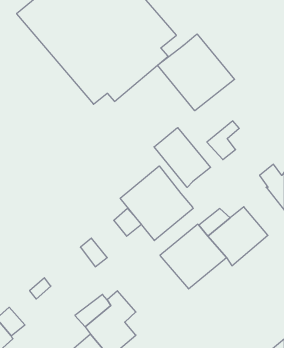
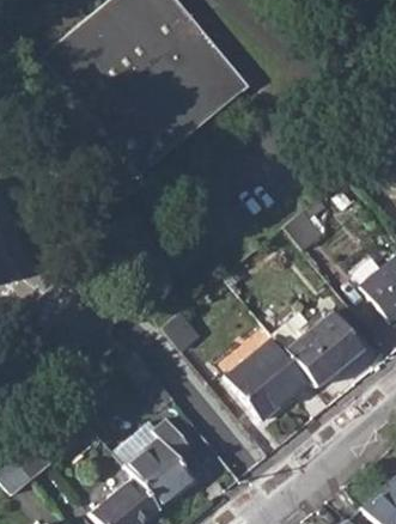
building: [158,34,235,111] -> none
building: [154,128,211,187] -> none
building: [120,166,193,241] -> none

